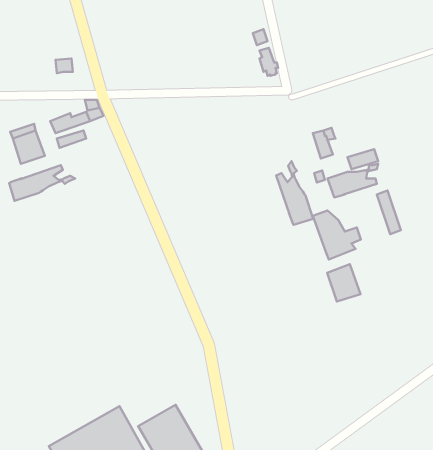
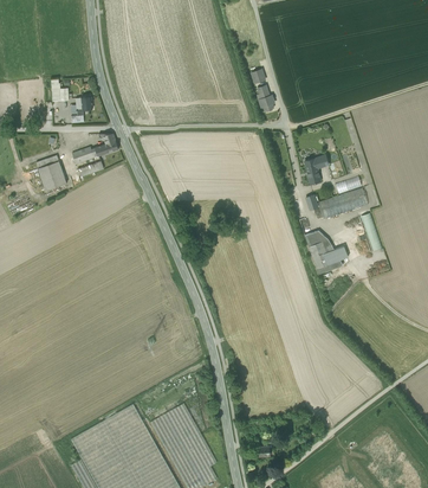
building: [276,161,313,225] -> none
building: [9,165,75,201] -> none
building: [327,264,360,301] -> none

